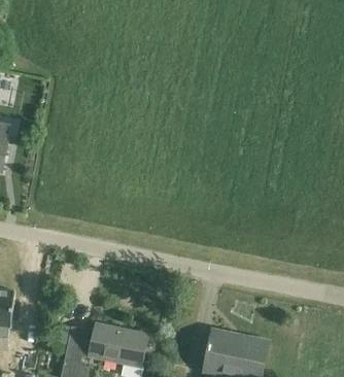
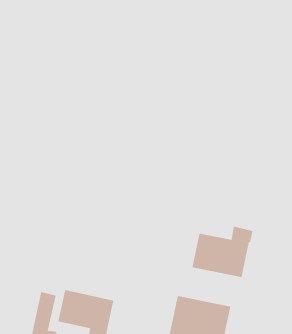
building: none -> [192,226,253,278]

